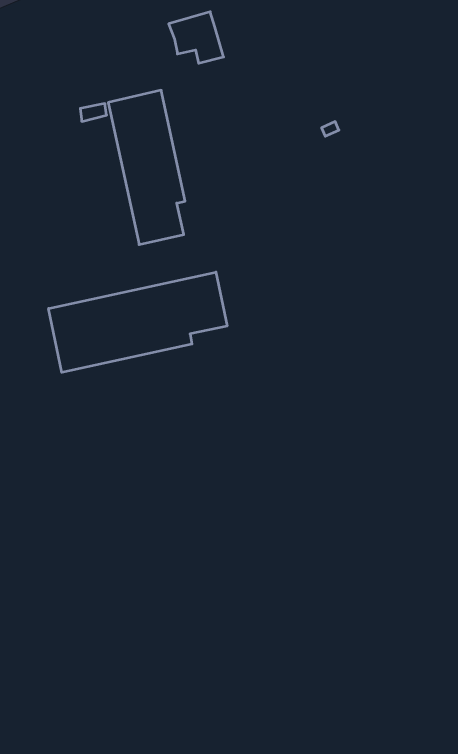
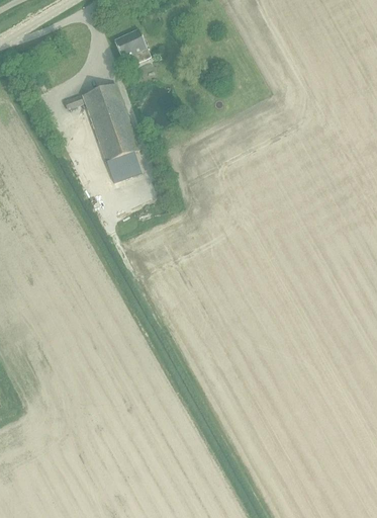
building: [49,272,227,372] -> none

